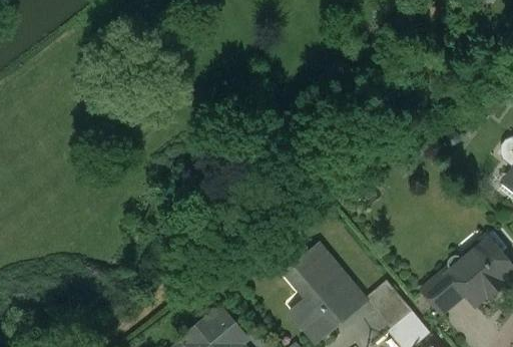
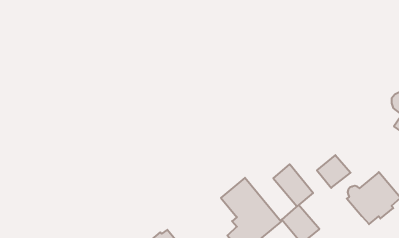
building: none -> [273,164,313,206]
building: [423,273,465,314] -> [317,155,351,188]

